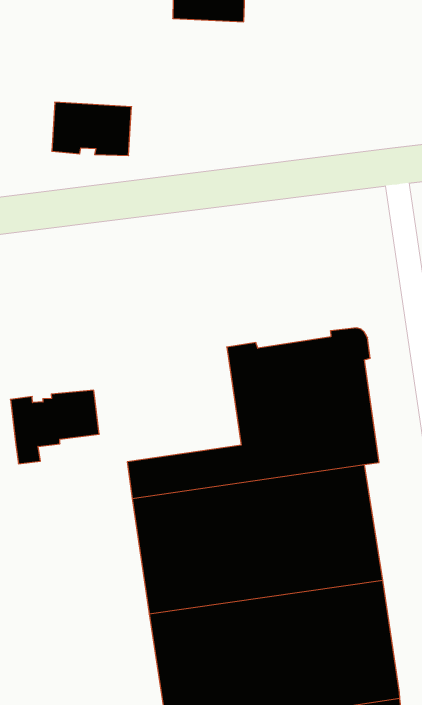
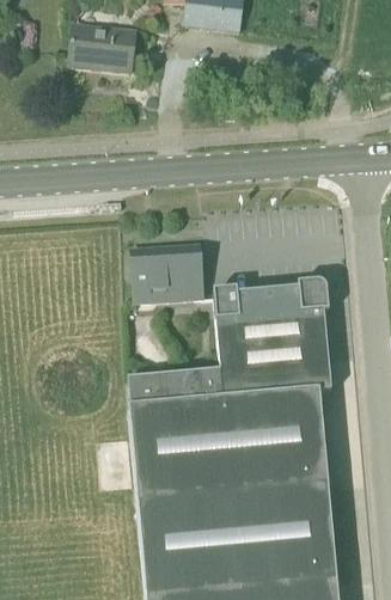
building: [52,102,132,156] -> [69,26,136,73]
building: [10,390,99,464] -> [132,247,202,304]

